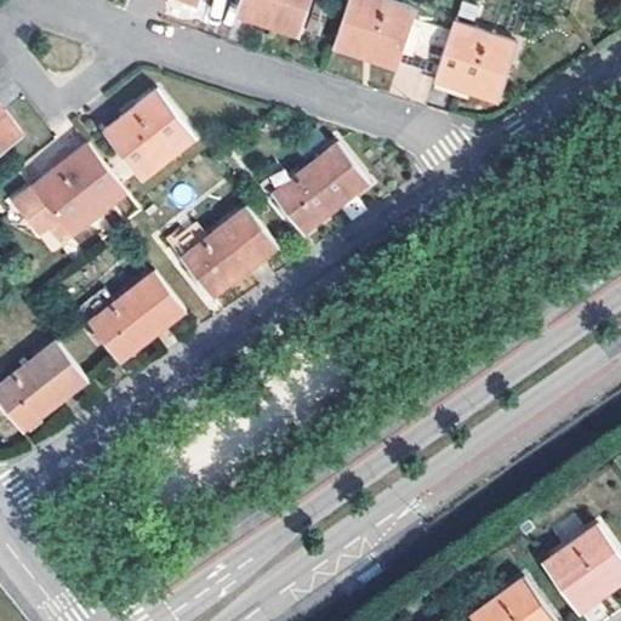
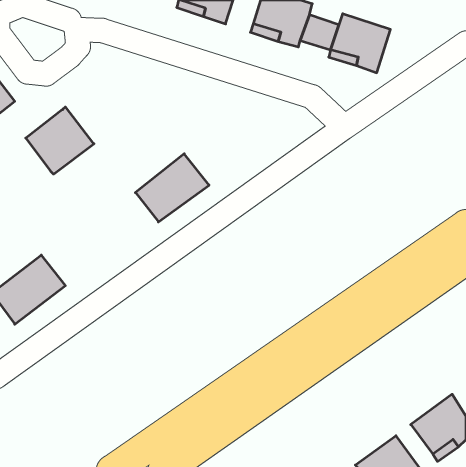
building: [109,87,198,177] -> none
building: [272,146,366,235] -> none
building: [15,187,67,239] -> none
building: [87,273,184,364] -> none

